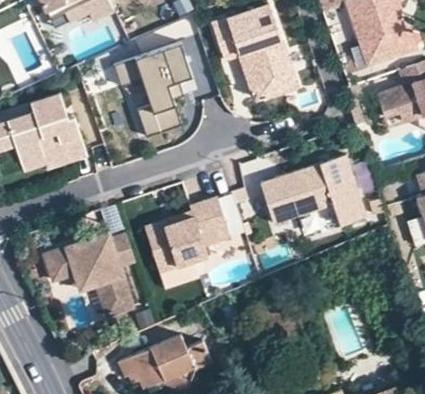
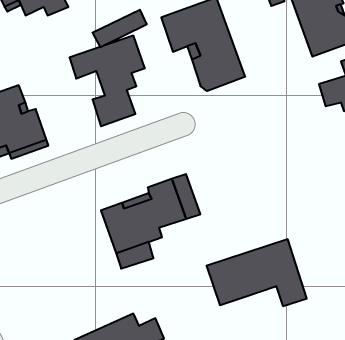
building: [263,149,368,219] -> [206,239,307,306]
building: [47,234,134,316] -> none

